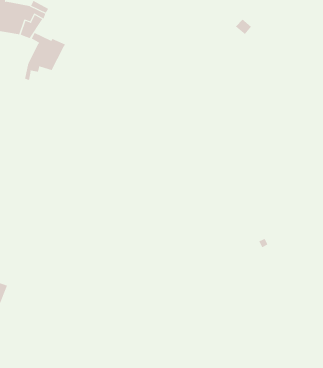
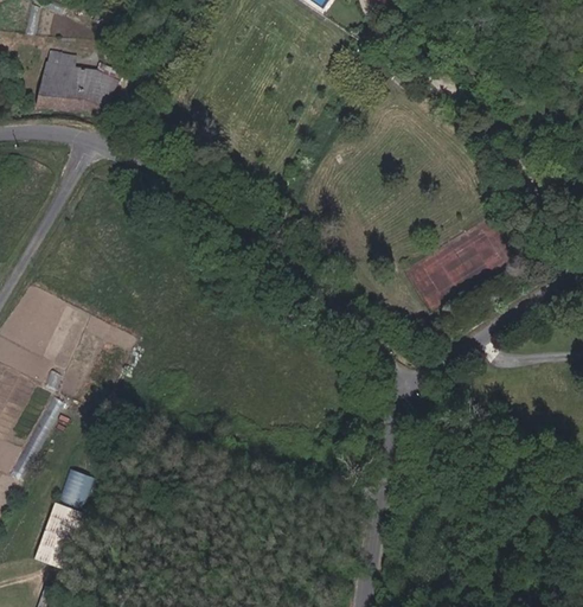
building: [24,32,66,81] -> none

